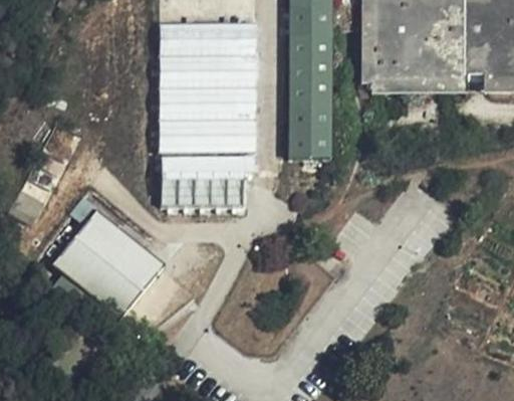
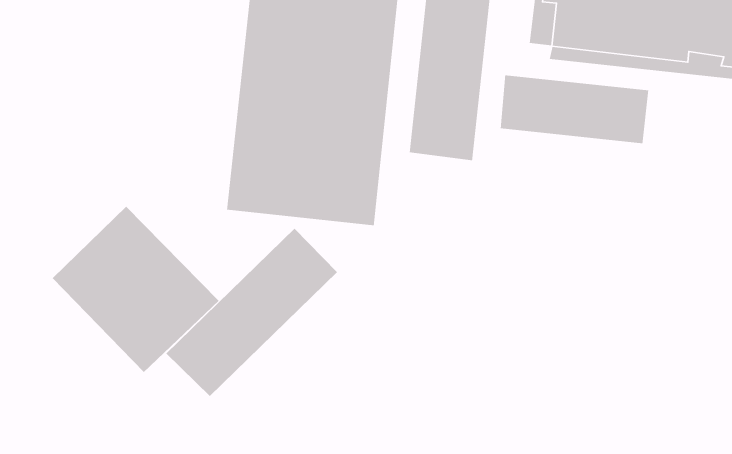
building: none -> [500,74,649,144]
building: none -> [165,228,338,397]

